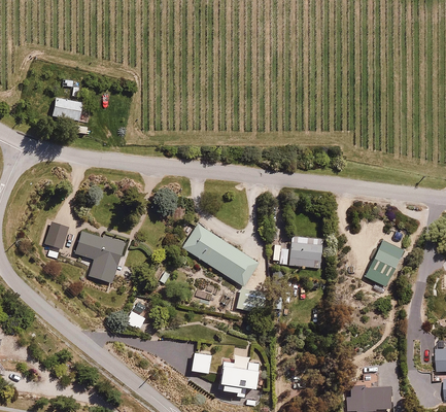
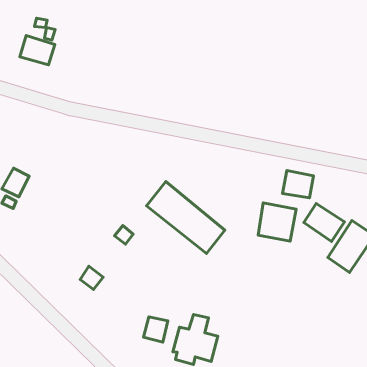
building: none -> [282,170,313,198]
building: [72,230,124,283] -> none
building: none -> [304,203,345,241]

